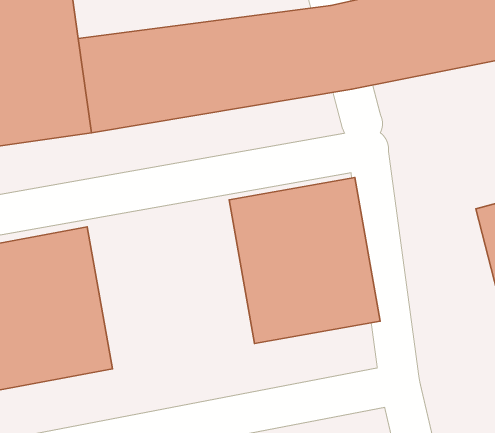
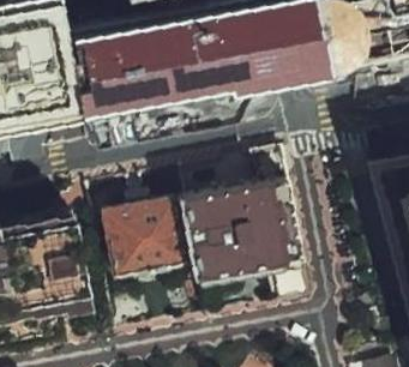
building: none -> [101,192,196,278]

